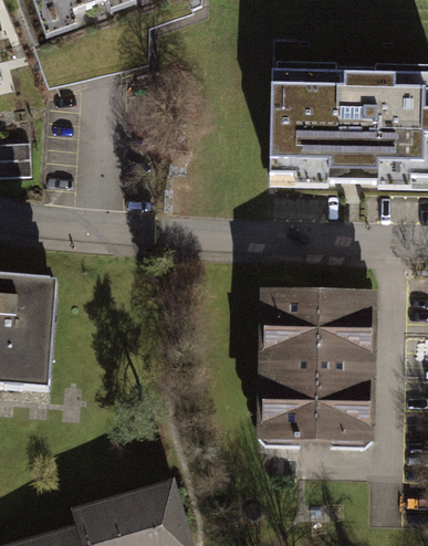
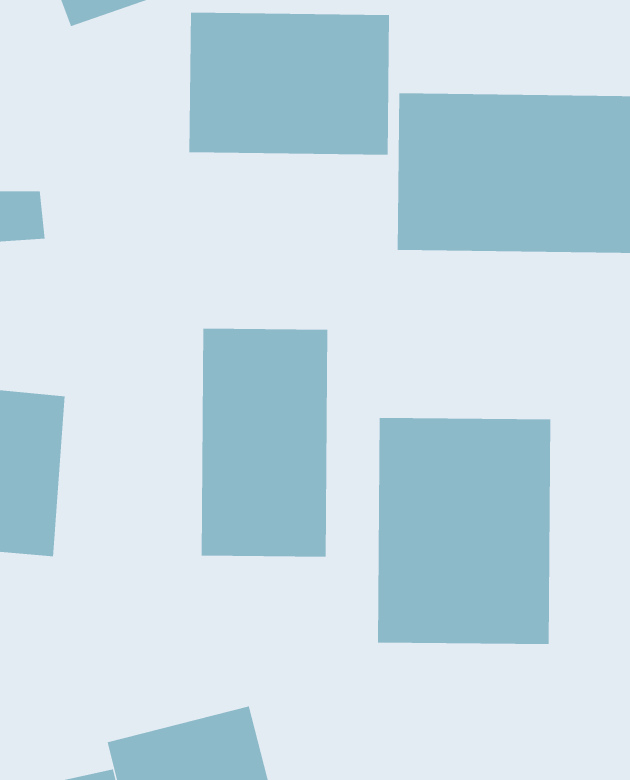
building: none -> [189,12,390,155]
building: none -> [201,328,328,558]

